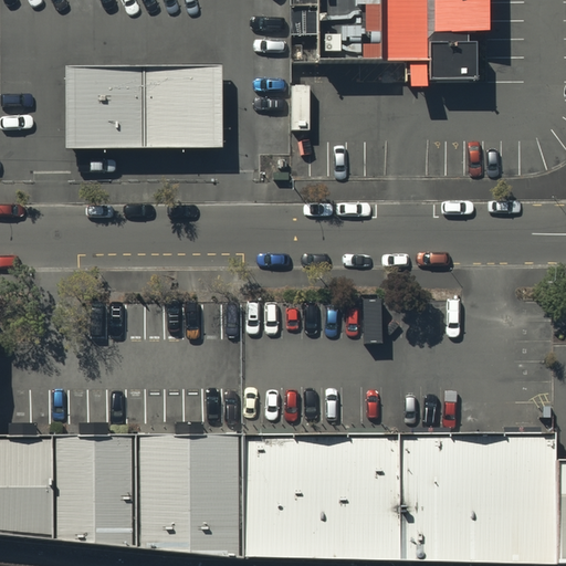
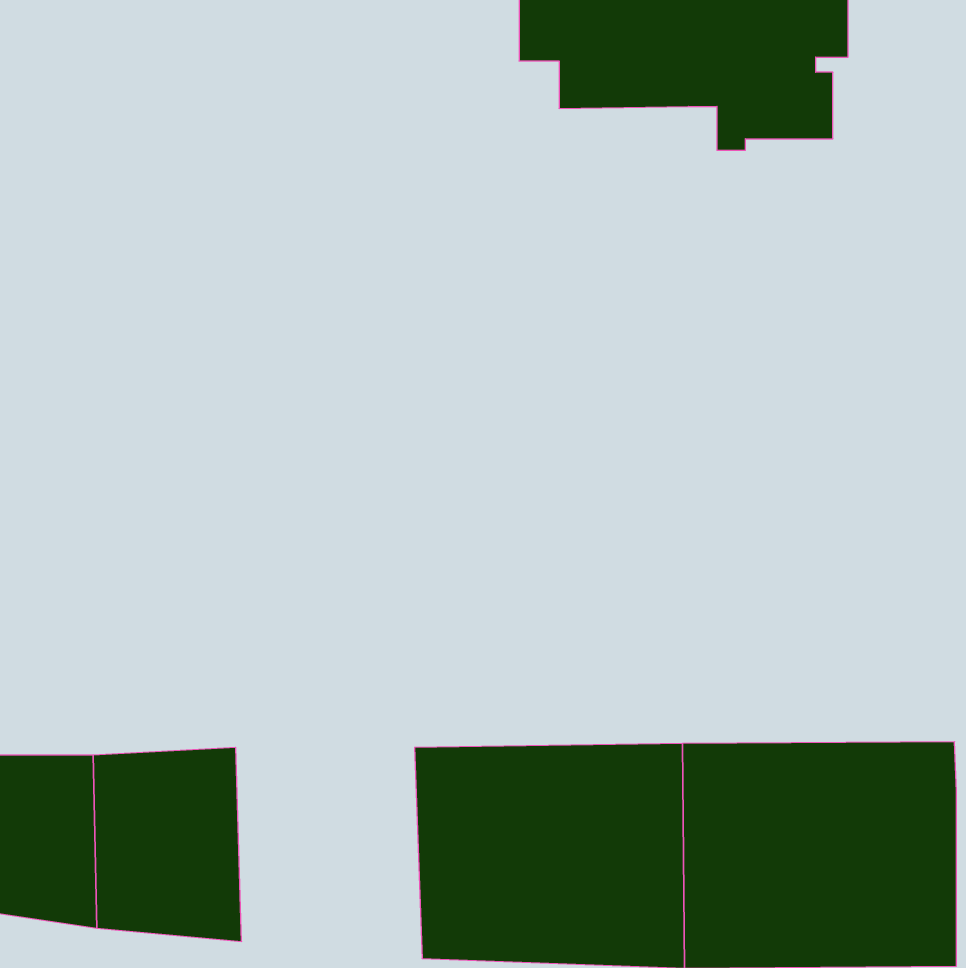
building: [66,64,223,149] -> none
building: [137,434,245,557] -> none

